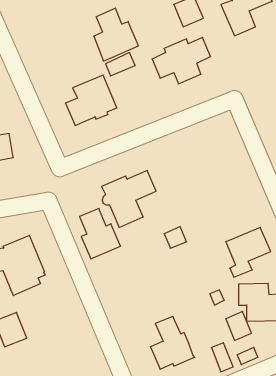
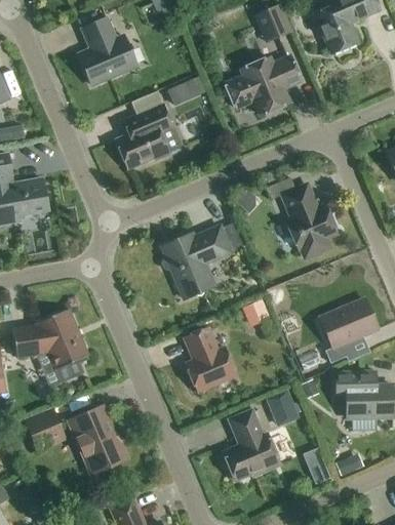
building: [94,8,139,61] -> [79,17,136,85]
building: none -> [282,184,337,253]
building: [80,208,121,259] -> [184,327,236,392]
building: [226,311,251,340] -> [266,389,299,426]
building: none -> [69,406,126,472]

